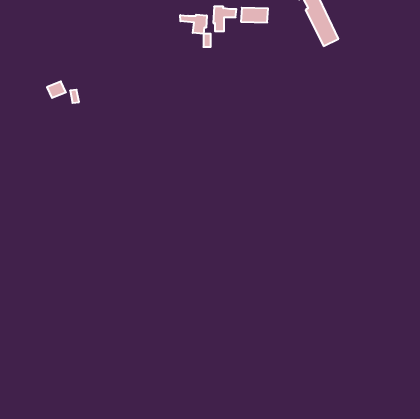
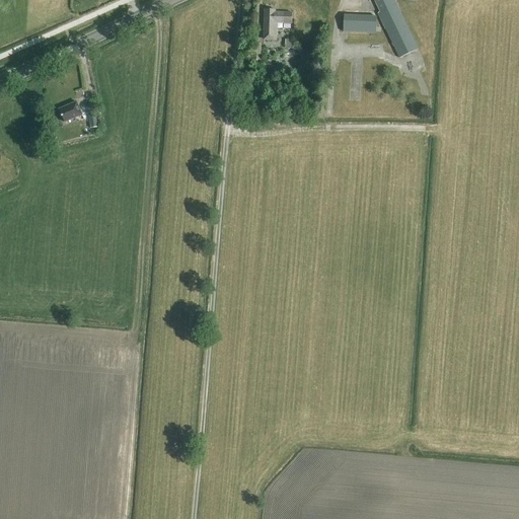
building: [241,8,268,22] -> [343,14,376,32]
building: [180,15,207,34] -> none

